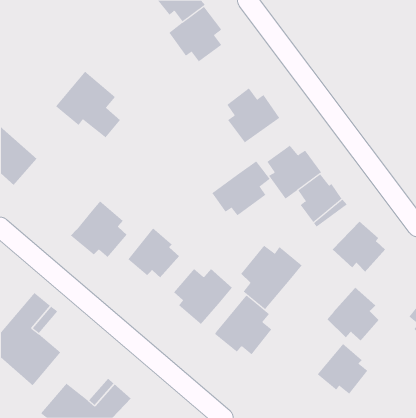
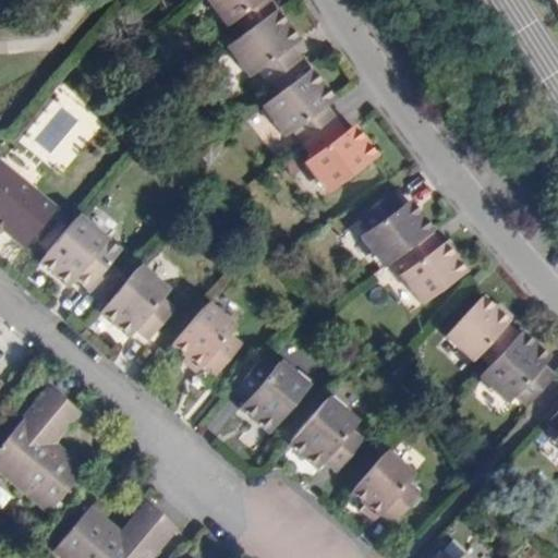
building: none -> [264,66,335,140]
building: [55,71,121,138] -> [36,216,123,305]
building: [211,160,270,216] -> none
building: [240,245,303,310] -> none
building: [326,287,379,341] -> [481,329,551,402]
building: [317,343,368,395] -> [350,451,418,520]

